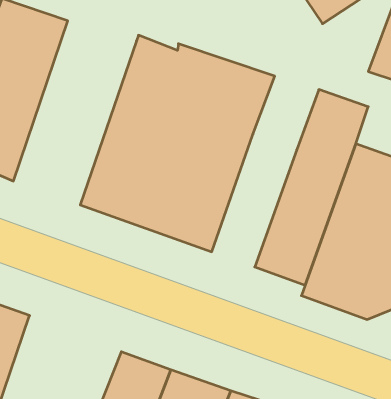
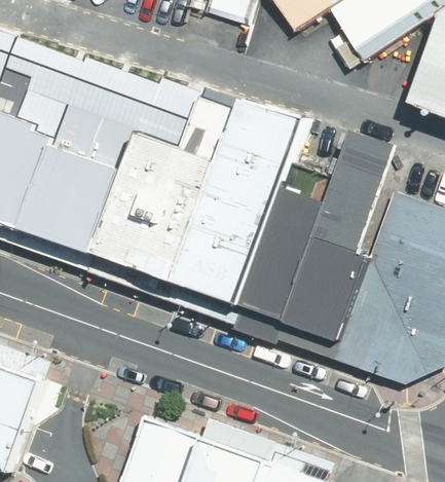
building: none -> [25,54,157,258]
building: none -> [238,182,330,325]

